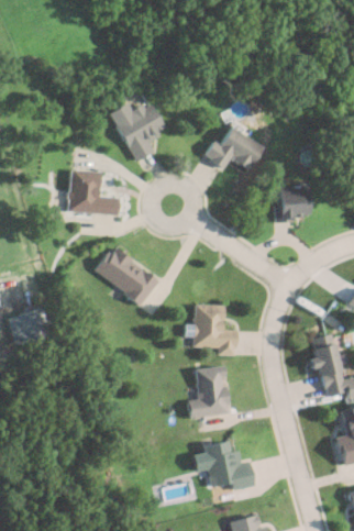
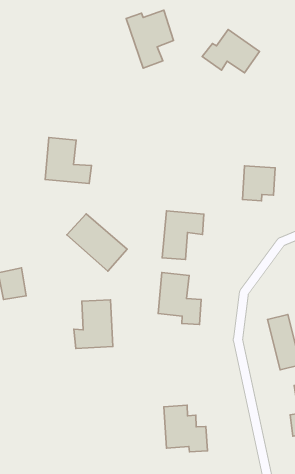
building: [111,100,162,162] -> [126,10,174,68]
building: [202,126,262,170] -> [202,30,260,73]
building: none -> [162,211,204,260]
building: [189,365,231,418] -> [74,300,113,348]

